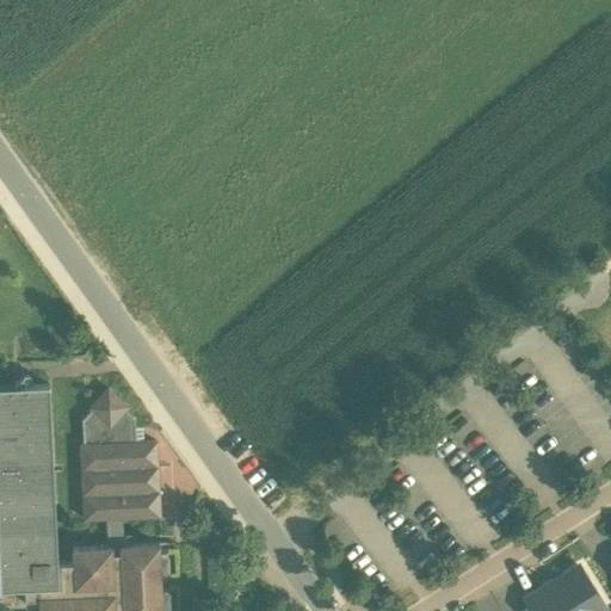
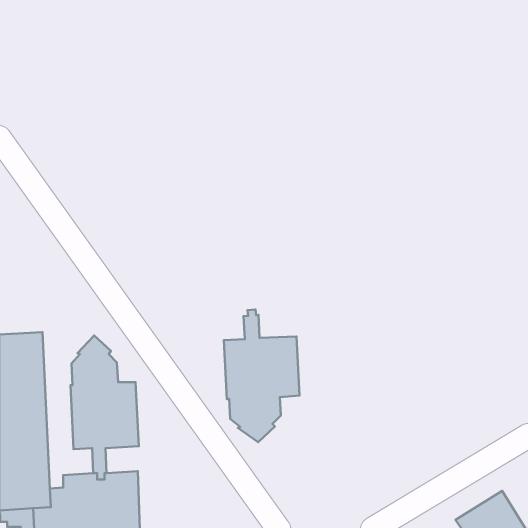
building: none -> [224,309,300,442]

